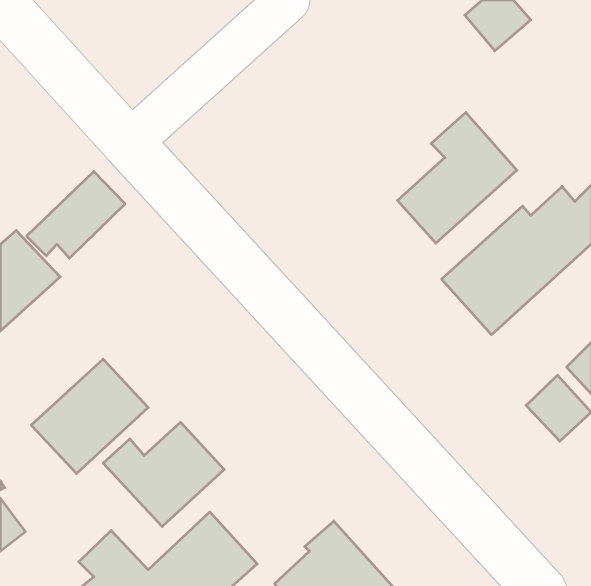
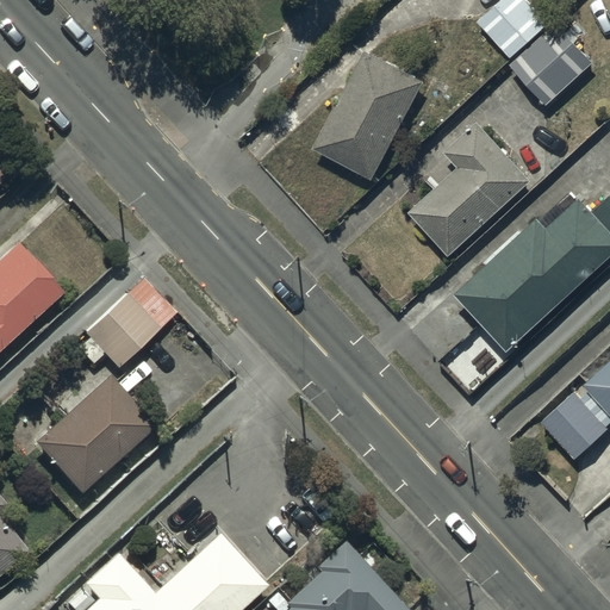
building: none -> [511,29,593,106]
building: none -> [313,51,423,179]
building: [27,171,125,258] -> [73,280,174,369]
building: [103,422,224,527] -> none

